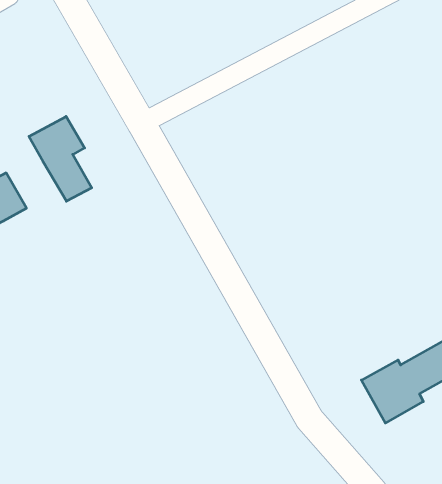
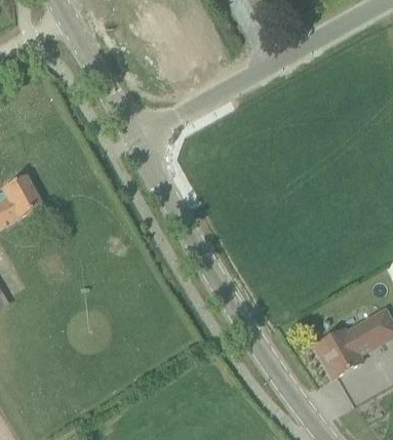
building: [29,116,92,201] -> none

